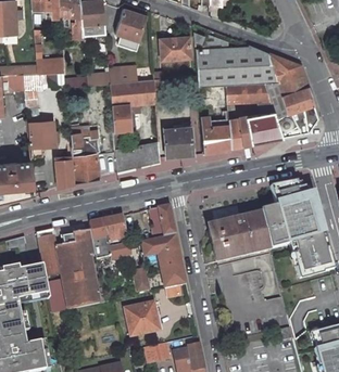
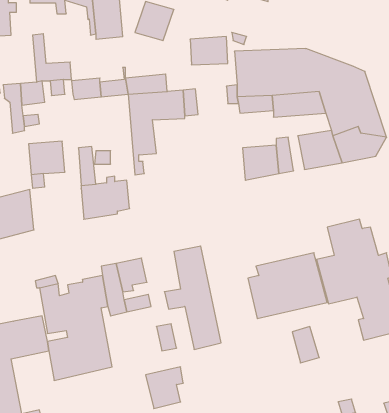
building: [164,126,194,155] -> none
building: [116,139,161,175] -> none
building: [56,158,75,187] -> none

